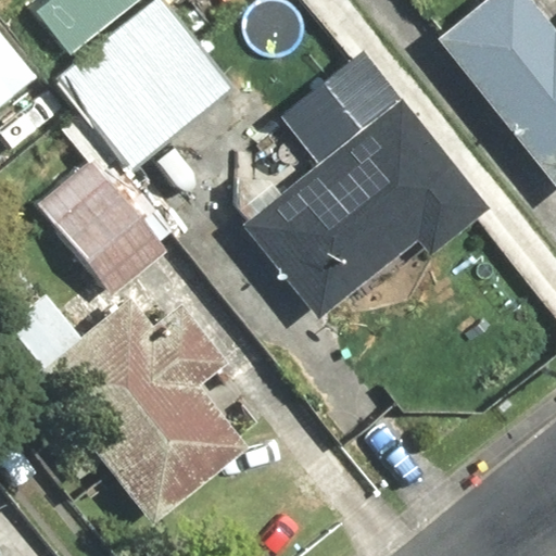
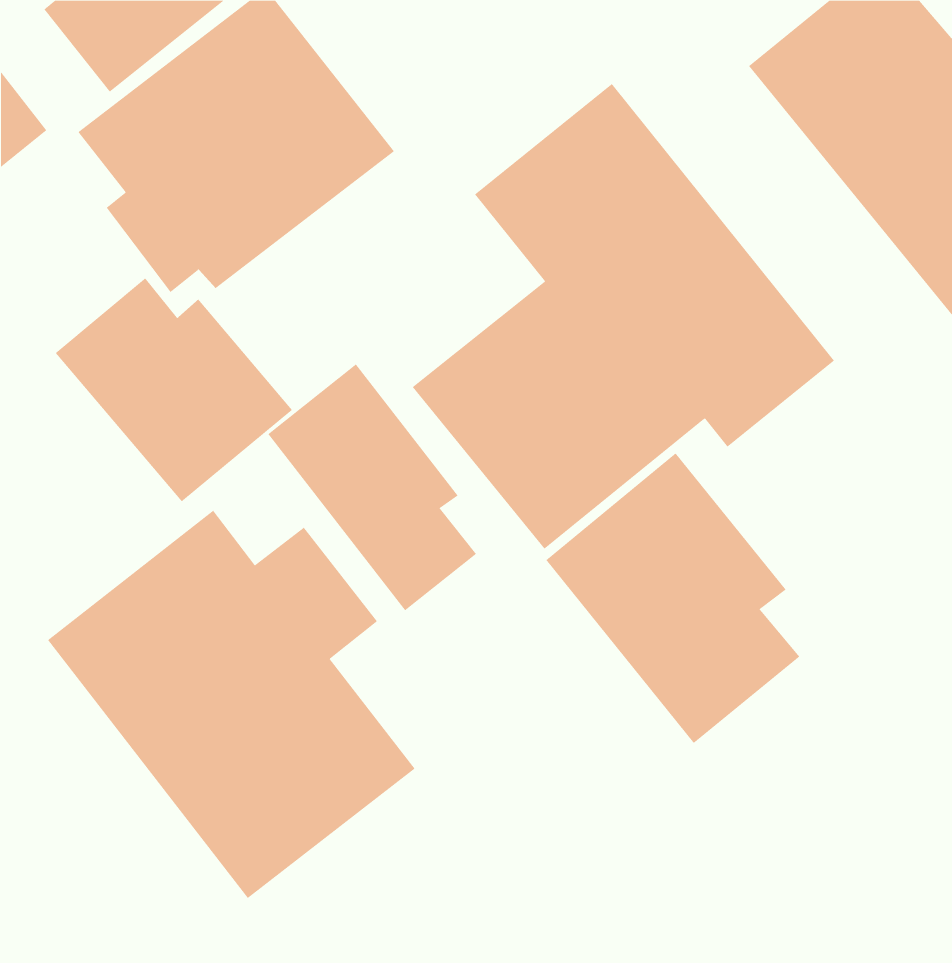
building: none -> [268,364,477,611]
building: none -> [545,453,800,744]

